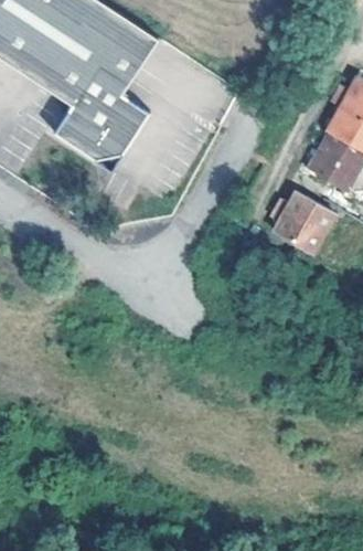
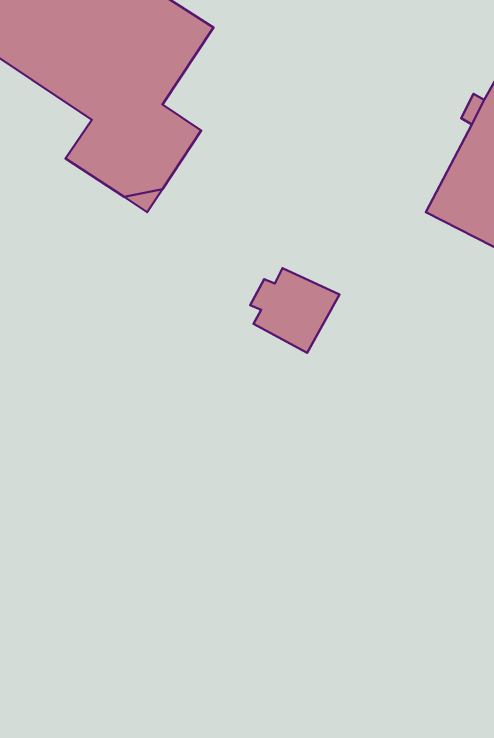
building: [271,188,335,248] -> [250,268,340,353]

